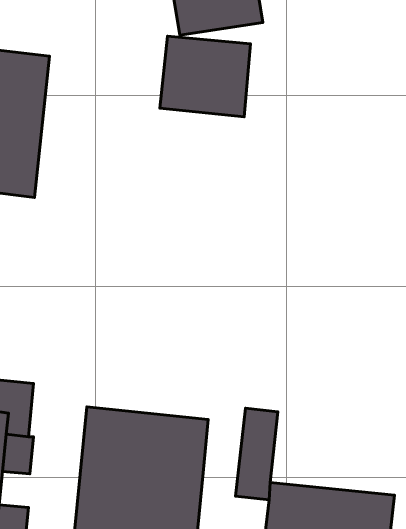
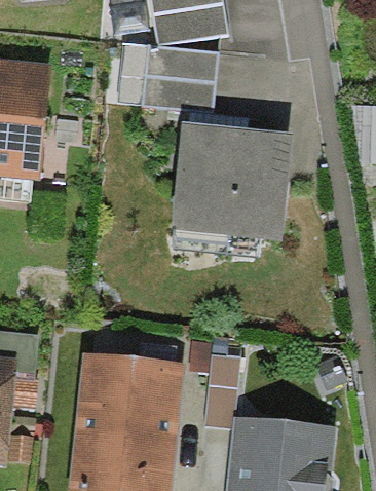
building: none -> [172,121,292,238]

